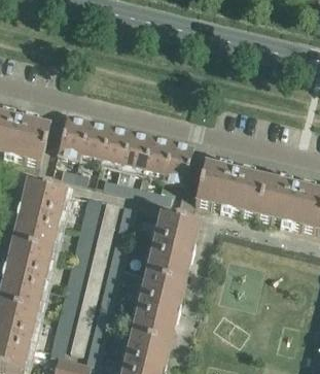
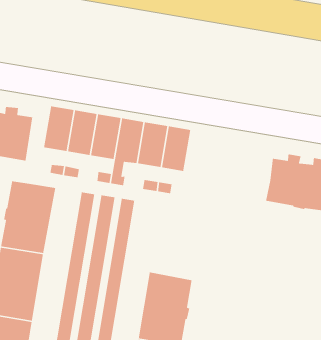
building: [194,160,264,216] -> none
building: [145,213,199,283] -> none

